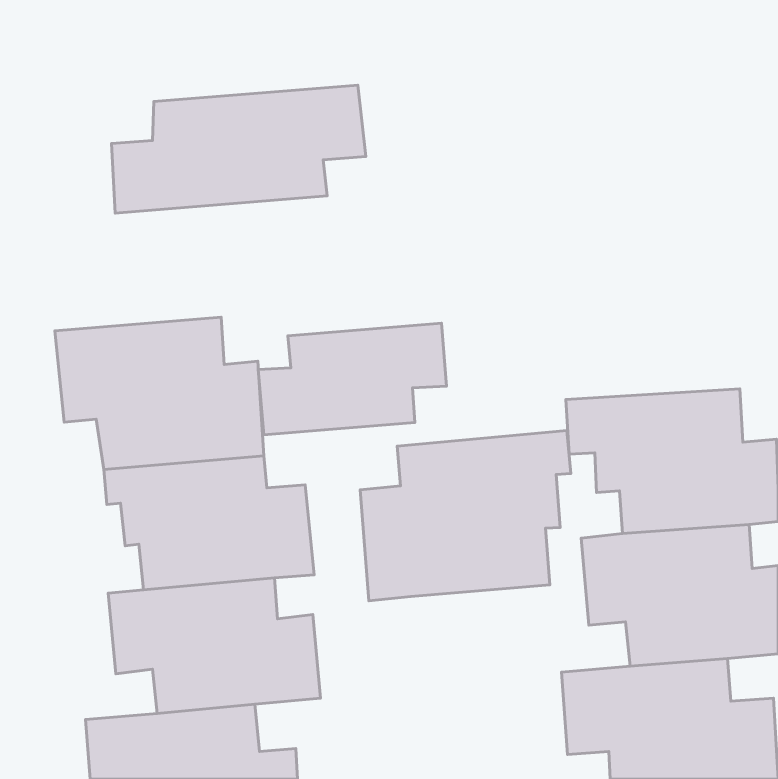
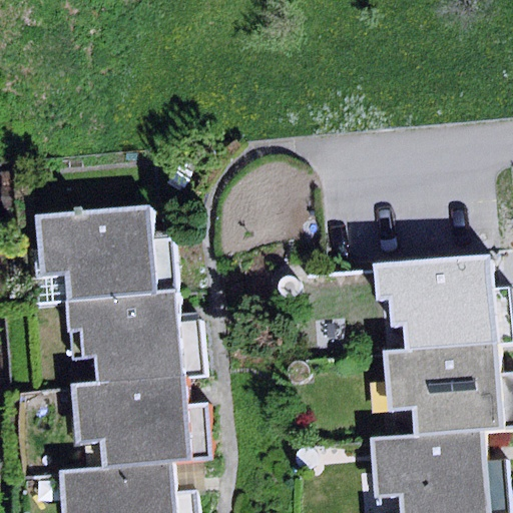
building: [112,85,366,213] -> none
building: [258,323,447,435] -> none
building: [360,430,571,601] -> none

